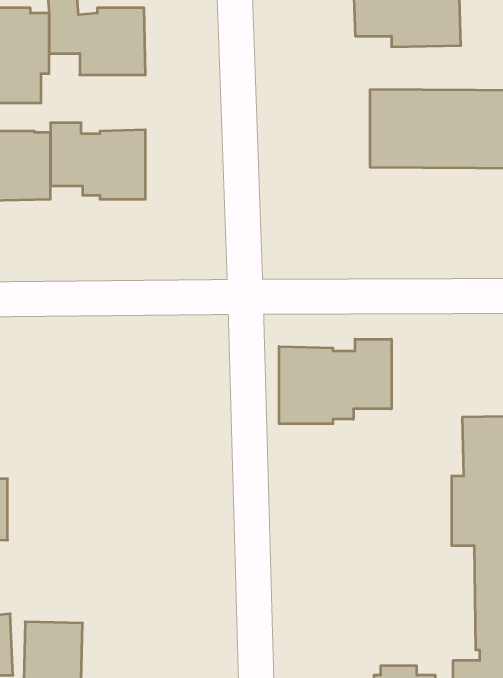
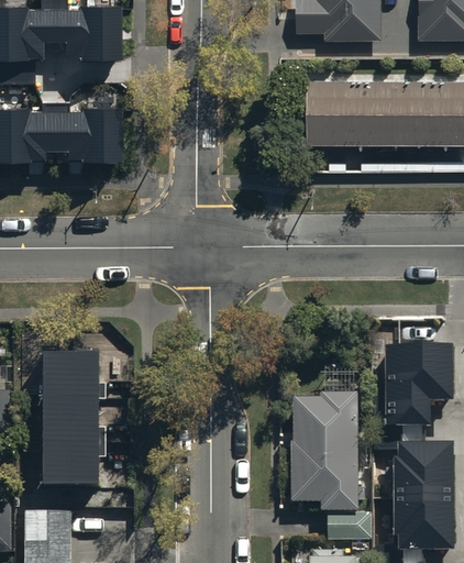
building: [279,339,391,424] -> none
building: none -> [37,358,102,494]
building: none -> [291,393,372,540]

